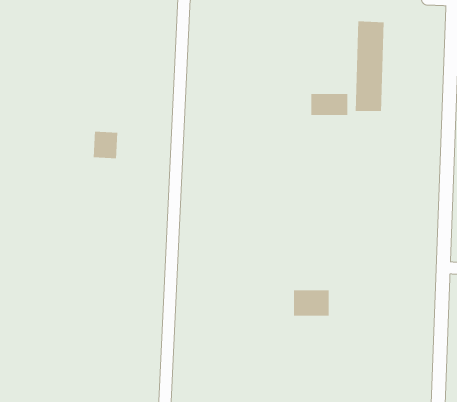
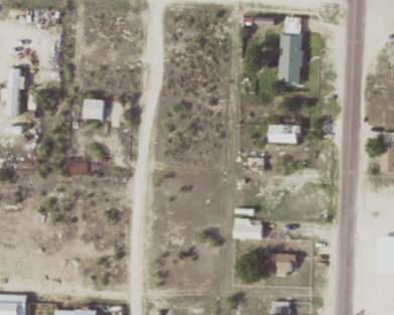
building: [311,93,348,116] -> [270,125,298,142]
building: none -> [263,253,293,274]

